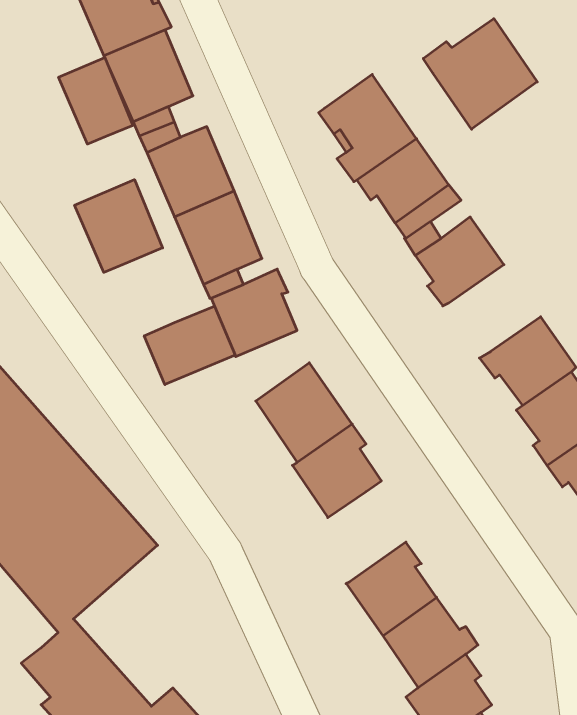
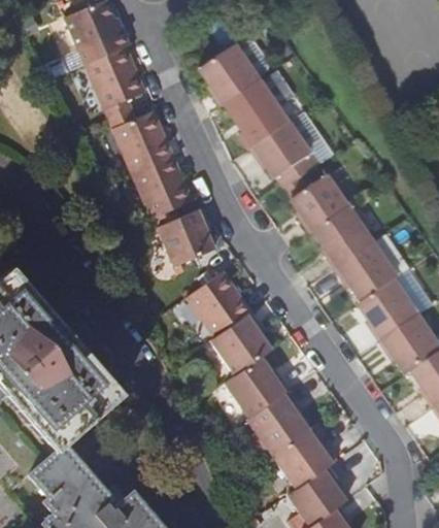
building: [423,19,537,129] -> none
building: none -> [204,45,264,102]
building: [59,58,133,144] -> none
building: [75,180,163,272] -> none
building: none -> [315,207,377,270]
building: [144,306,235,385] -> none
building: none -> [224,360,289,421]

